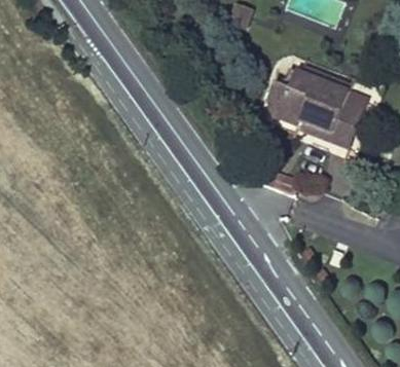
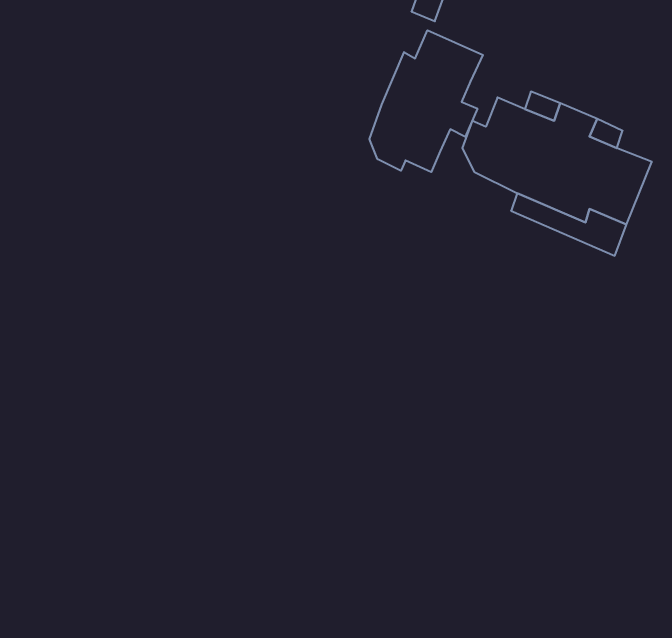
building: none -> [370,30,483,172]

